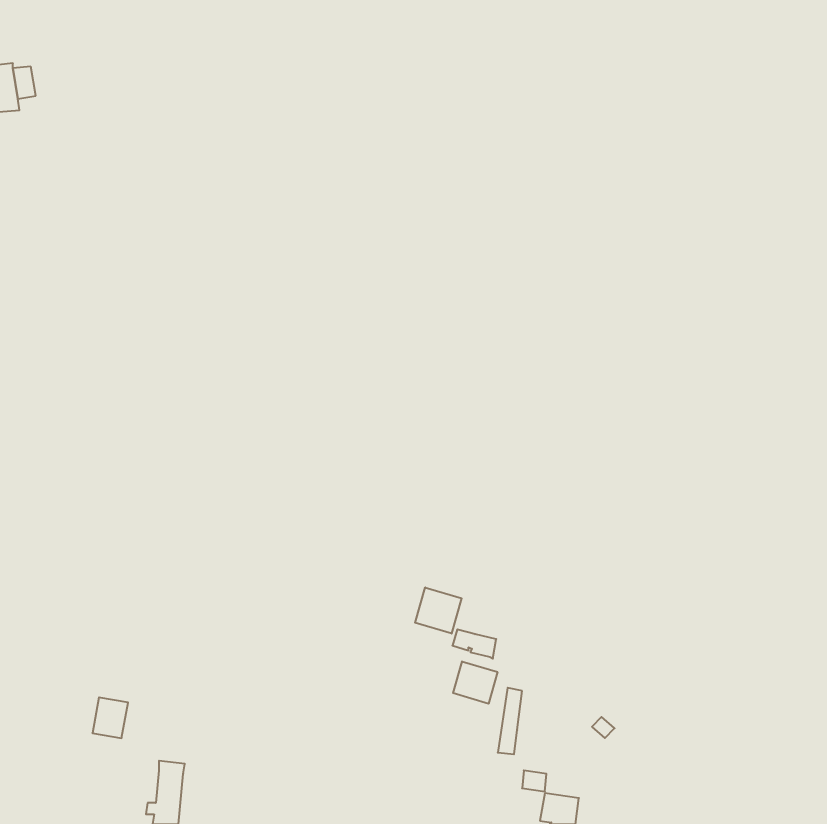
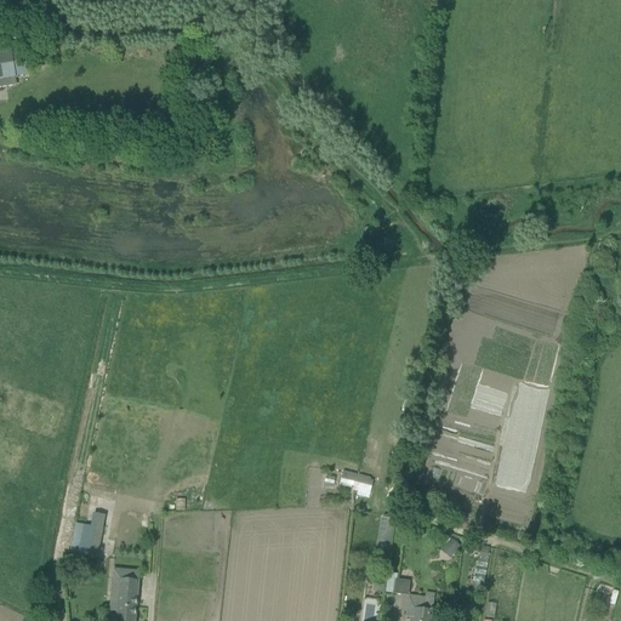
building: [415,587,462,634] -> none
building: [453,661,497,704] -> none

